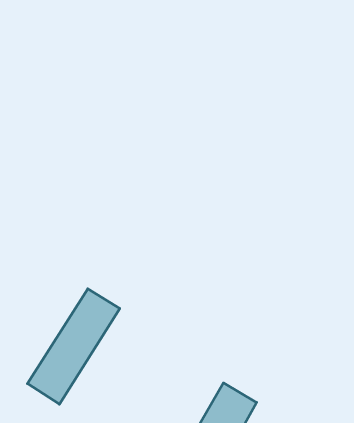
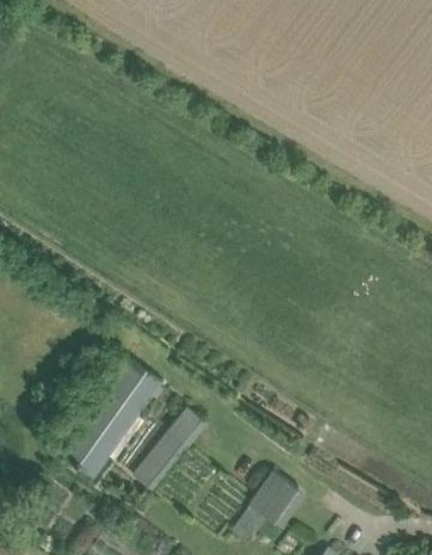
building: none -> [128,403,204,489]

